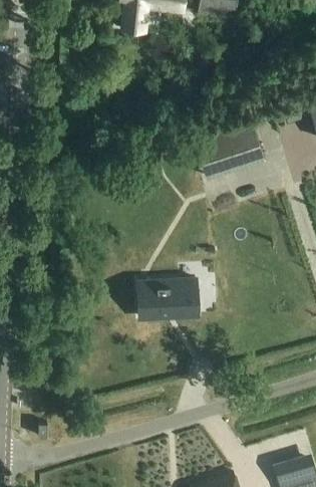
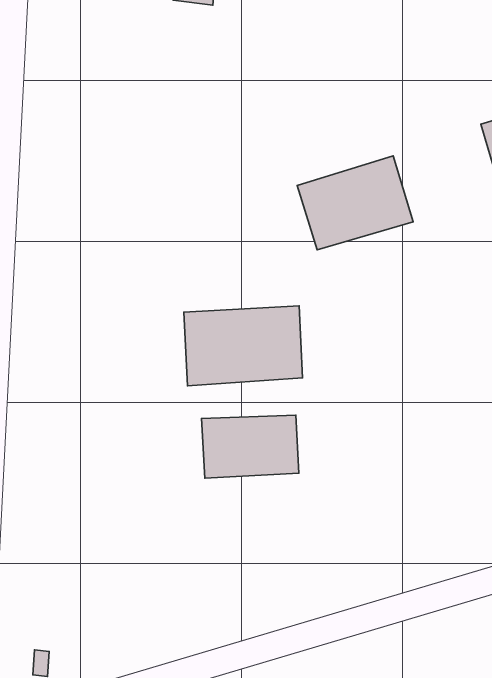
building: none -> [184,306,303,386]

